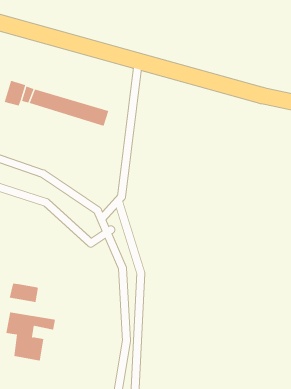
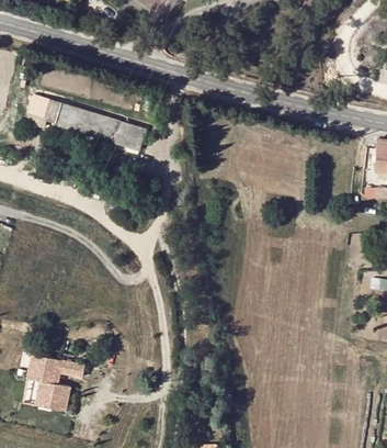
building: [9,283,39,303] -> none

